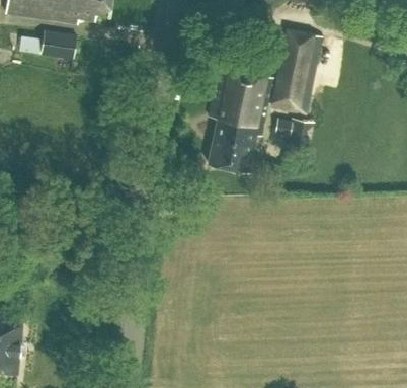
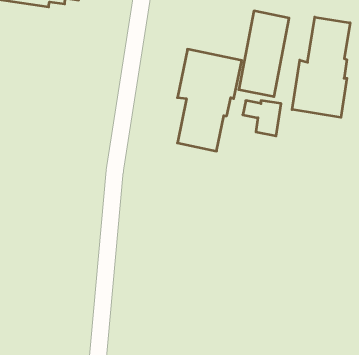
building: [42,30,77,59] -> none
building: none -> [292,17,350,117]

